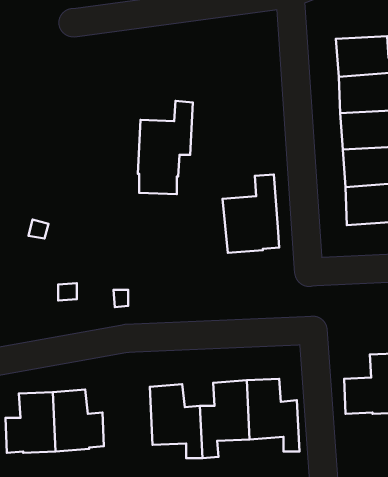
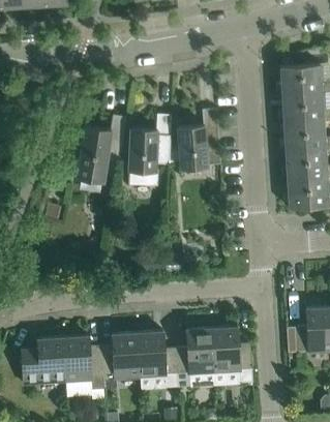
building: none -> [77,115,126,182]
building: [223,175,279,253] -> [177,109,220,169]
building: none -> [101,333,140,380]

